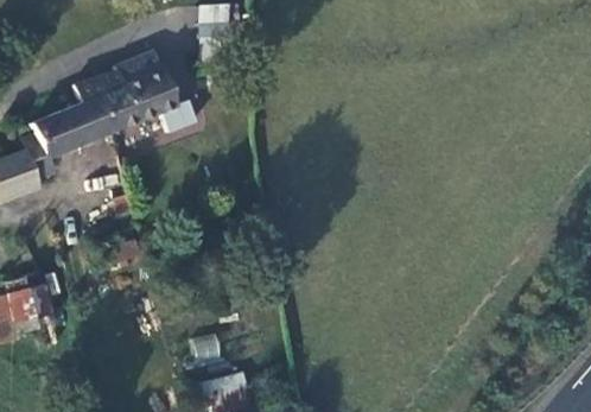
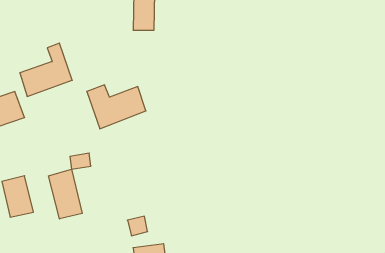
building: [93,68,179,132] -> [87,85,146,129]
building: none -> [49,169,82,219]

